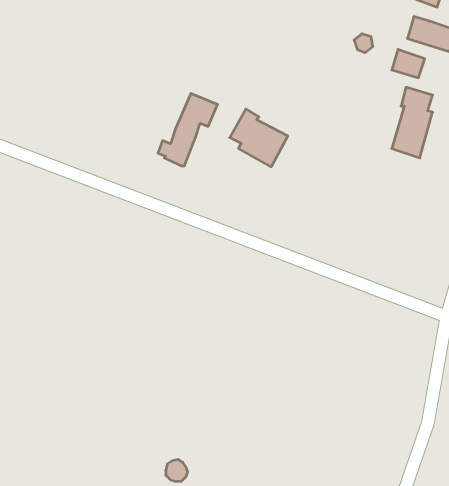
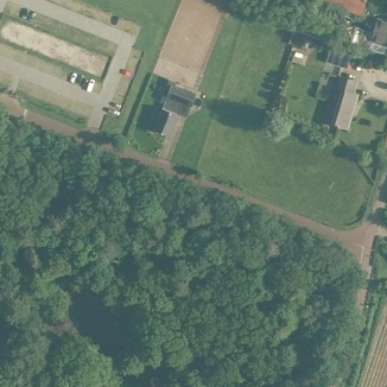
building: [230,109,288,167] -> none

